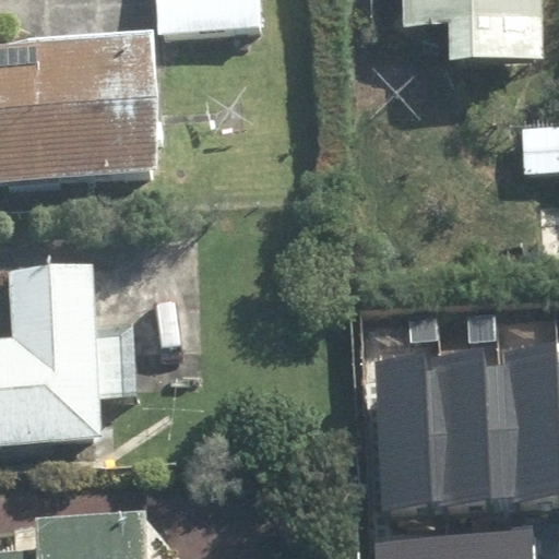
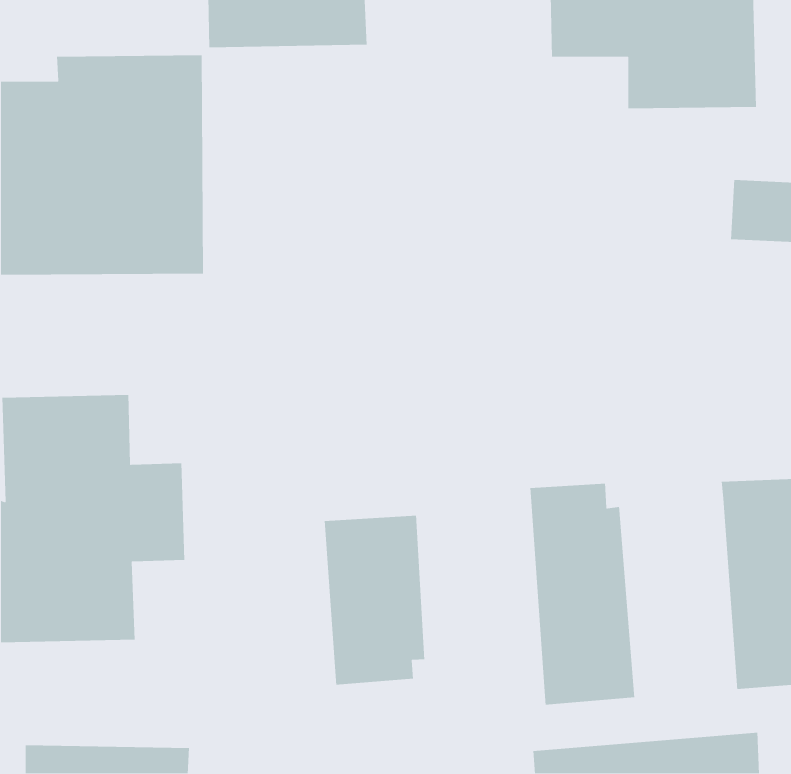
building: [437,338,520,489] -> none
building: none -> [324,515,425,685]

